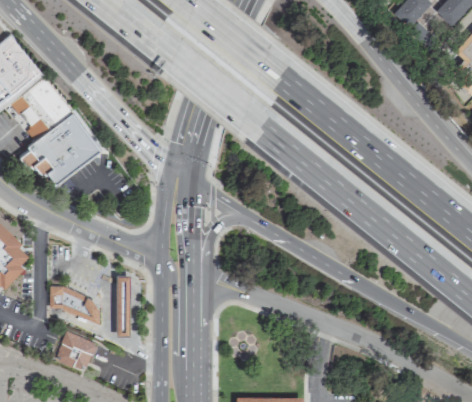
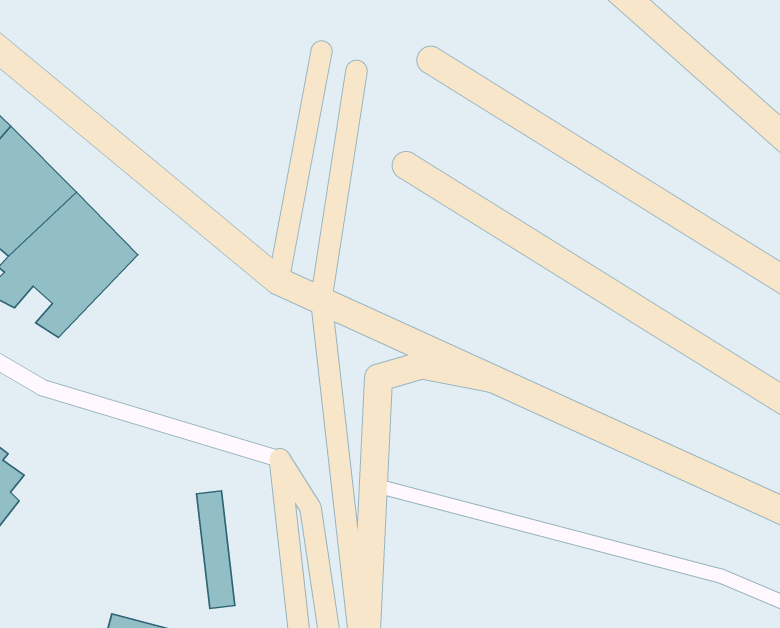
building: [50,284,100,324] -> none

